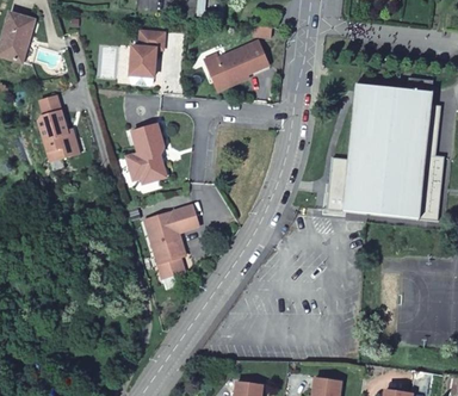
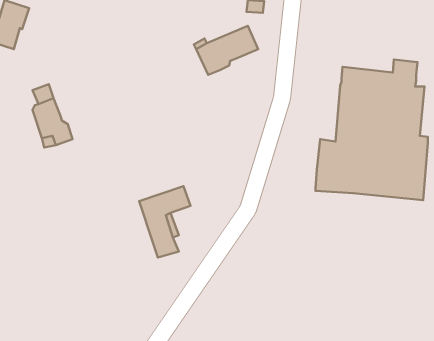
building: [131,27,166,82] -> none
building: [128,120,168,177] -> none

